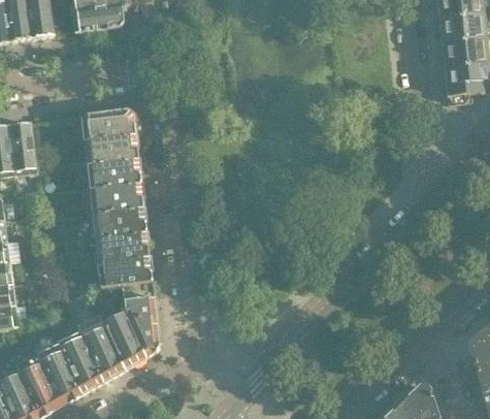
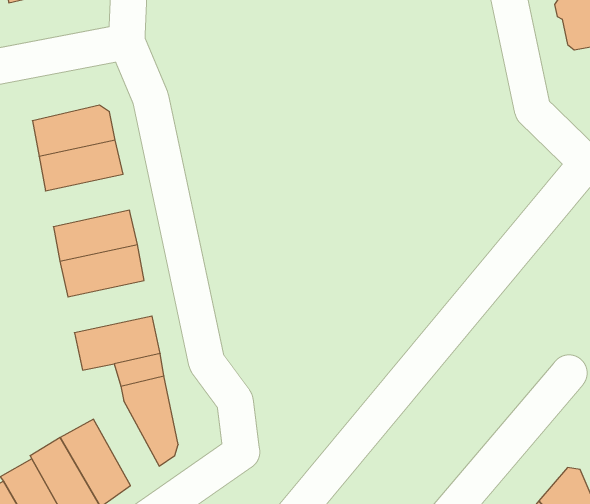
building: [85,156,140,187] -> none
building: [93,229,149,260] -> none
building: [102,310,143,367] -> none

